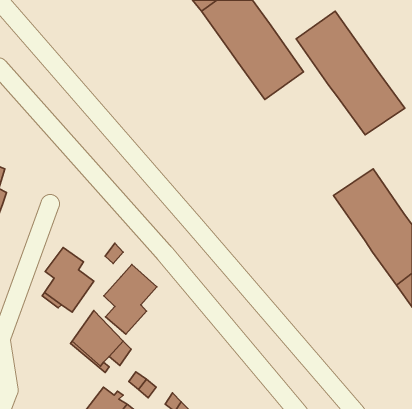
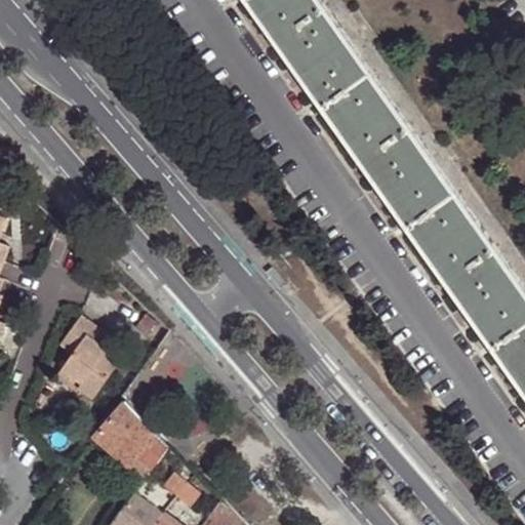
building: [296,11,405,135] -> [335,96,473,253]
building: [104,265,157,334] -> none

